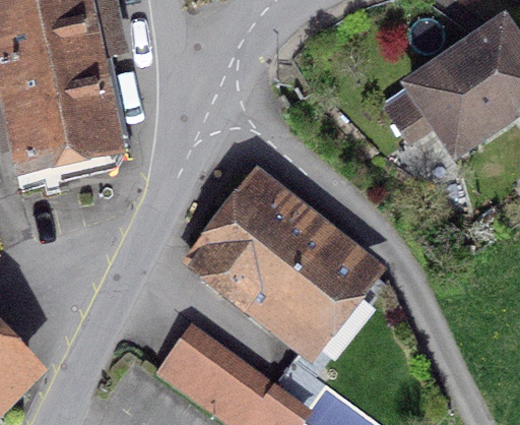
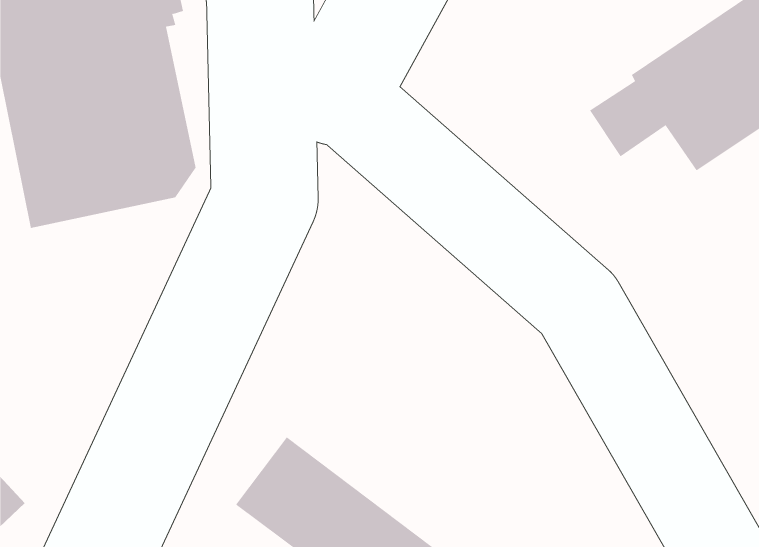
building: [198,181,367,342] -> none

